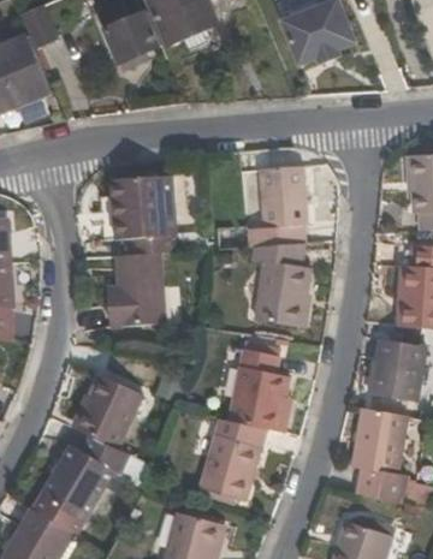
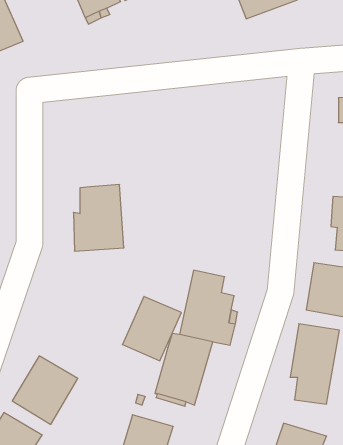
building: [260,167,306,226] -> none
building: [112,174,176,255] -> none
building: [251,243,312,326] -> none
building: [72,376,138,448] -> [122,296,181,361]

